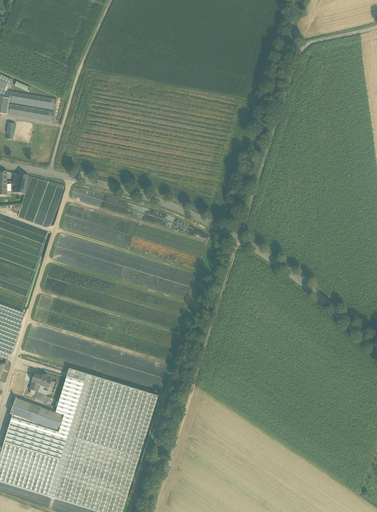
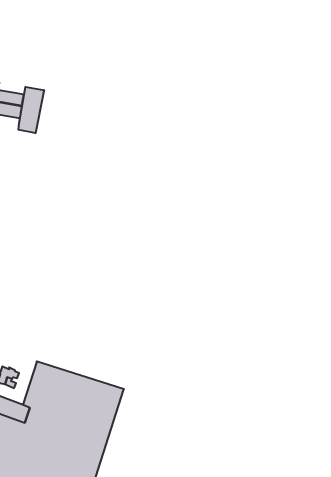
building: none -> [18,87,44,133]

